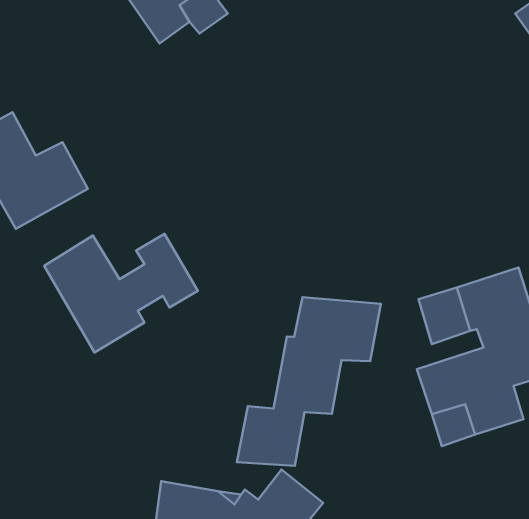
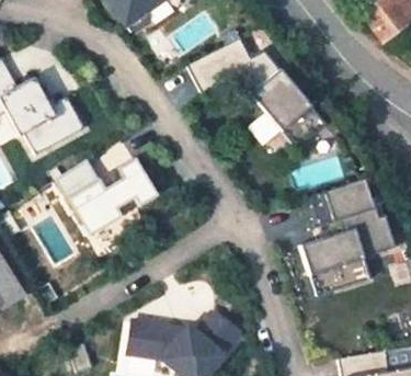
building: none -> [187,38,326,149]
building: [237,297,381,466] -> none

